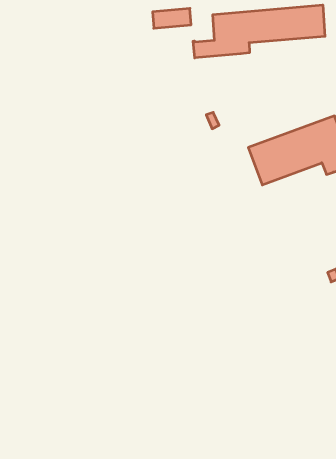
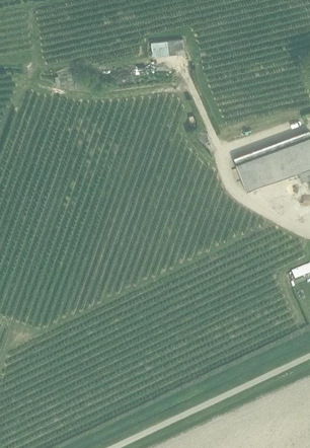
building: [193,5,325,58] -> none

